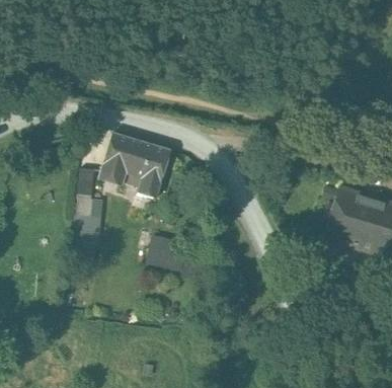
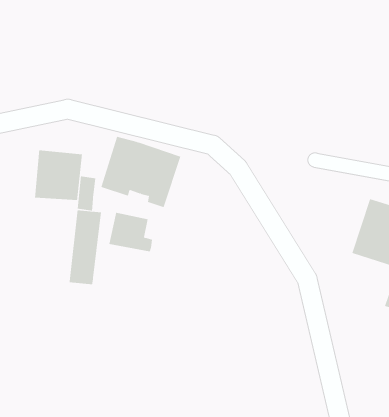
building: none -> [34,149,82,201]
building: [145,233,184,268] -> [109,212,153,252]

